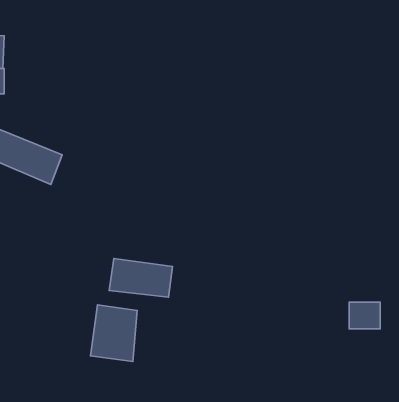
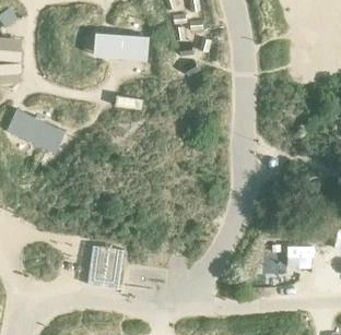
building: none -> [92,32,148,60]
building: [109,259,172,297] -> none

